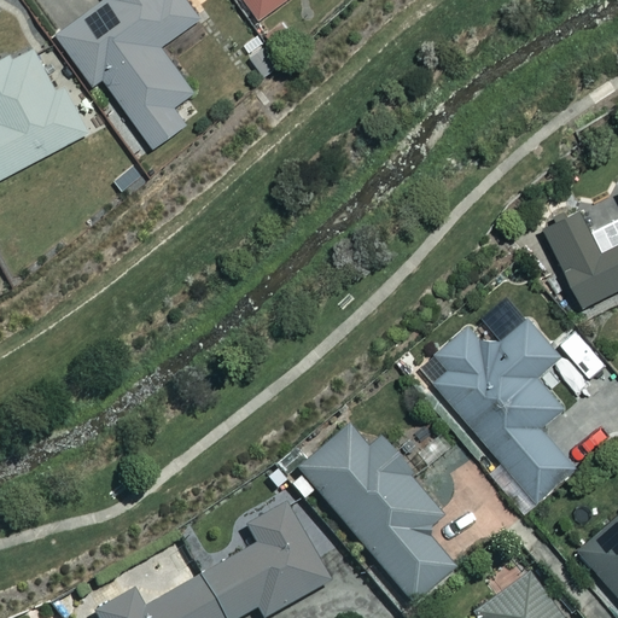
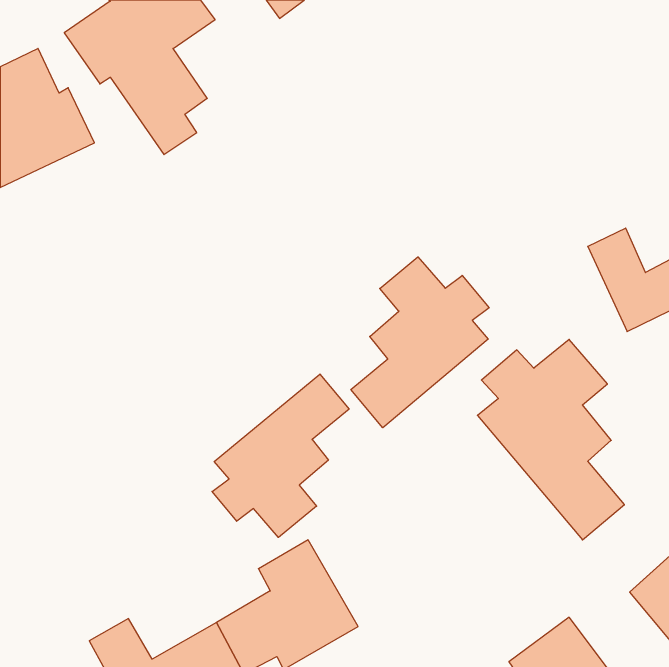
building: none -> [351,257,489,428]
building: none -> [212,374,349,537]
building: [298,416,453,602] -> none

